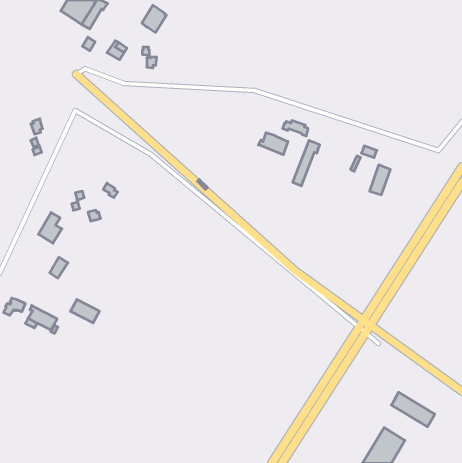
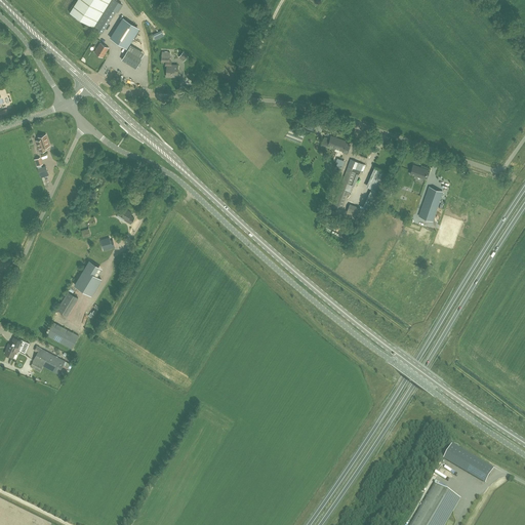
building: [142,5,166,32] -> [110,17,137,48]
building: [258,133,288,155] -> none
building: [38,212,62,243] -> [74,260,100,295]
building: [70,299,99,323] -> [45,322,78,349]

